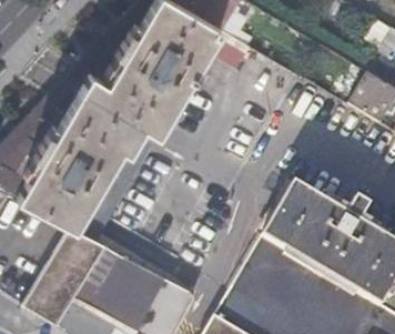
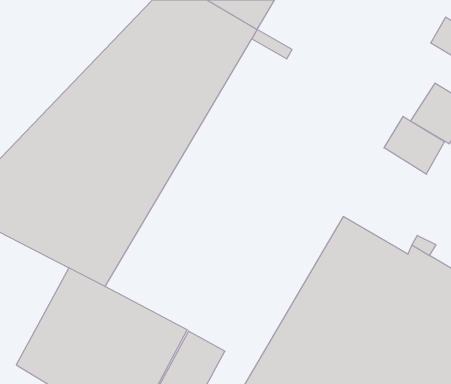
building: none -> [384,116,445,174]

